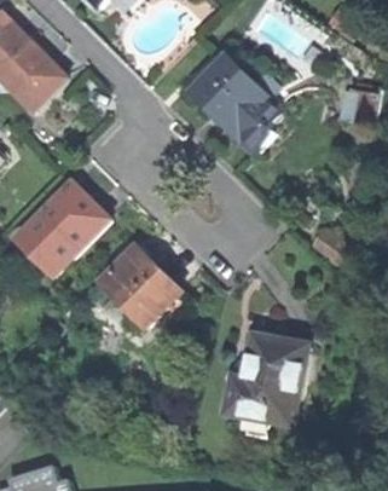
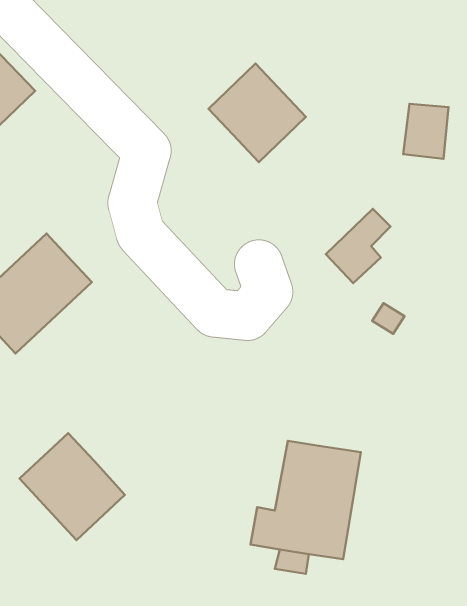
building: [231,96,279,151] -> [326,209,391,283]
building: [100,246,179,325] -> [20,433,125,540]

